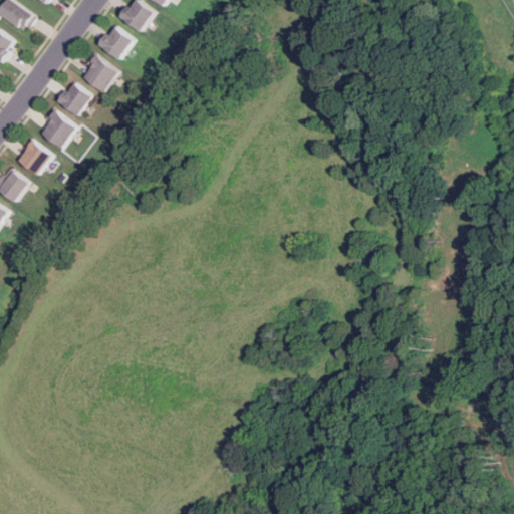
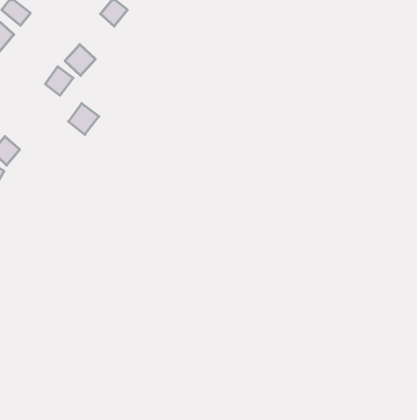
building: [99,25,134,60] -> none
building: [36,110,73,149] -> [68,103,99,135]
building: [13,140,48,175] -> none

